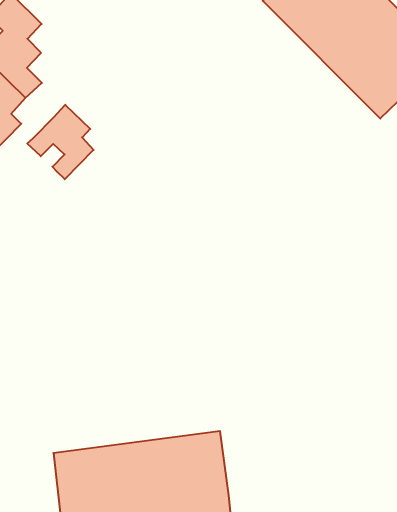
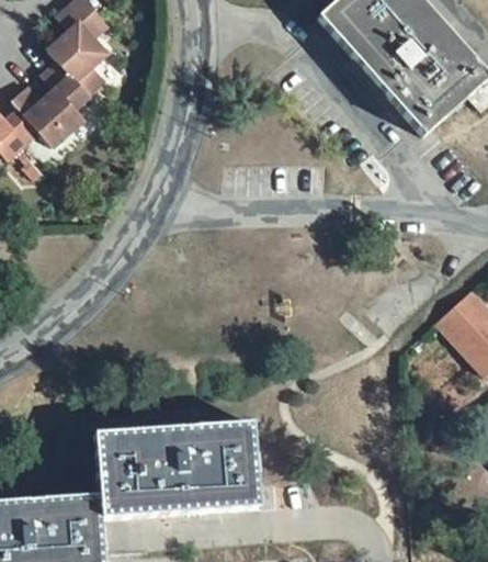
building: [27,105,94,179] -> none

